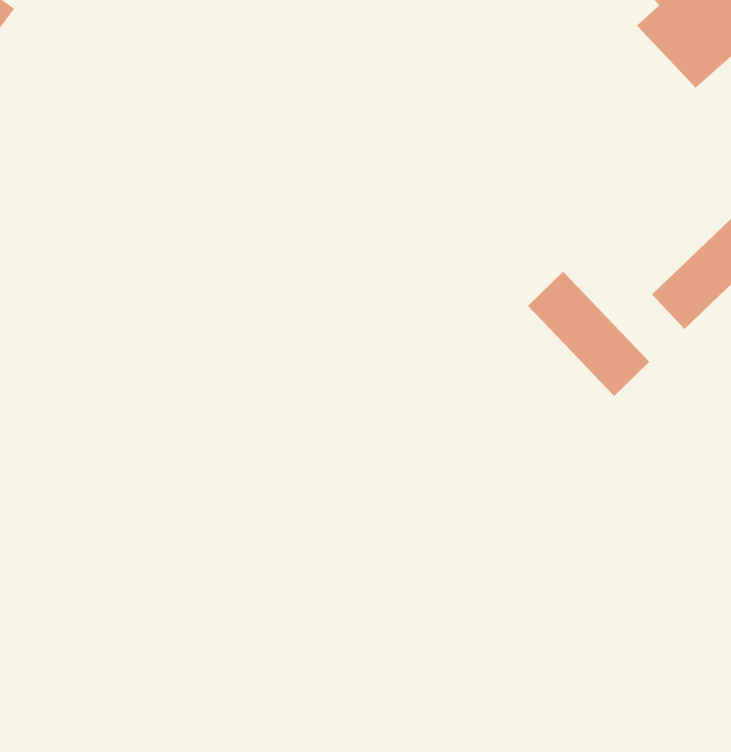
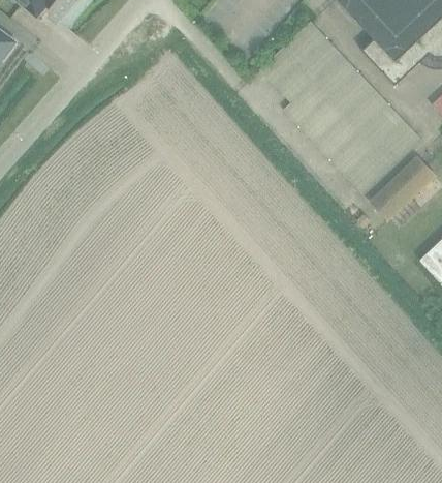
building: [527,271,650,397] -> none

